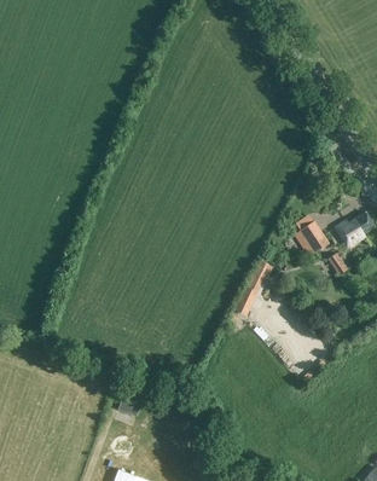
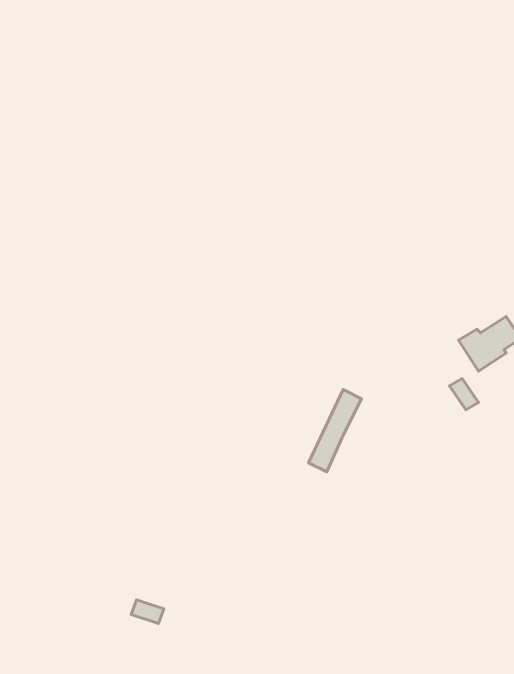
building: [296,221,329,255] -> none

